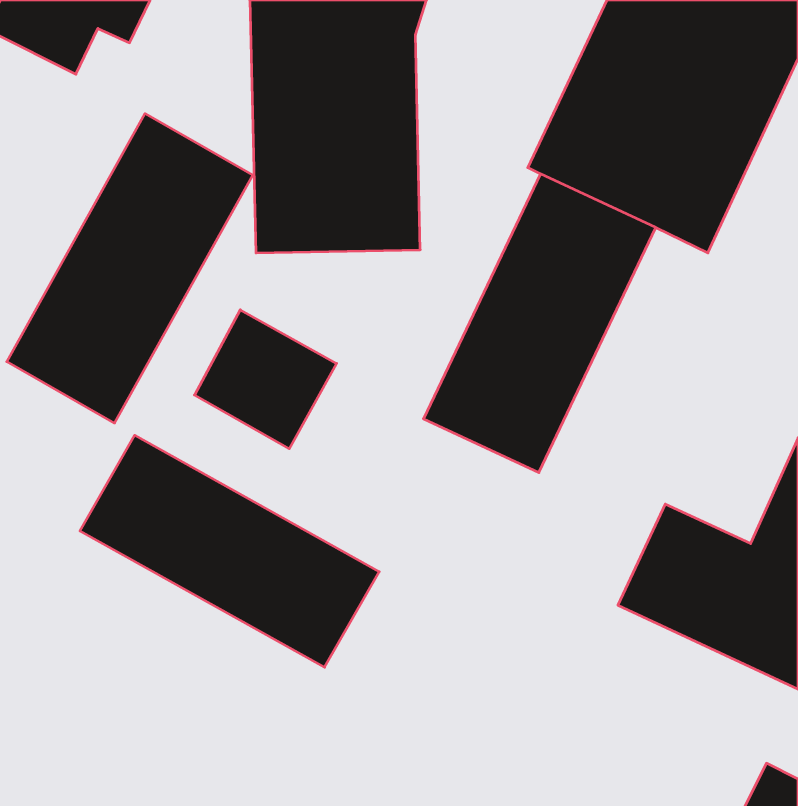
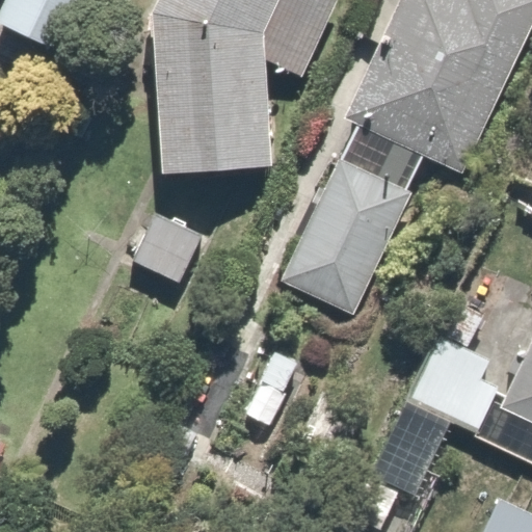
building: [7,114,253,423] -> none
building: [80,435,379,667] -> none

